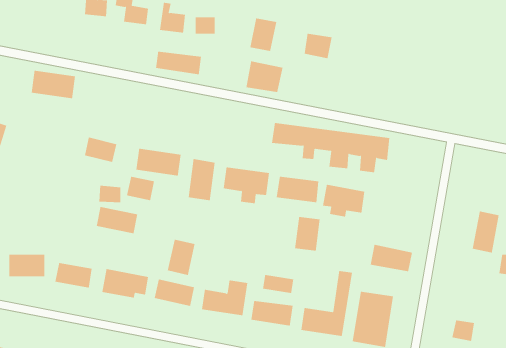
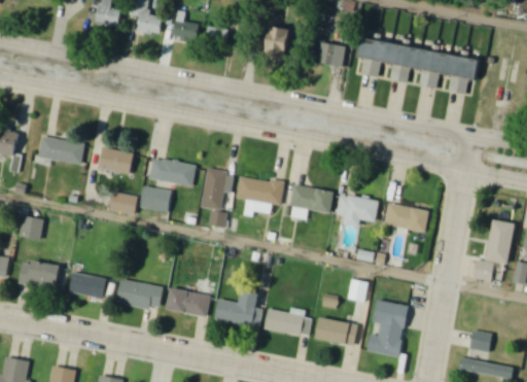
building: [156,51,202,75] -> none
building: [246,61,283,93] -> none
building: [31,70,76,99] -> [39,136,84,165]
building: [271,122,390,173] -> [361,41,481,92]
building: [96,206,138,234] -> none
building: none -> [21,217,42,240]
building: [295,216,320,251] -> none
building: [167,239,195,276] -> none
building: [370,244,413,272] -> [385,203,428,231]
building: [263,274,294,294] -> none

